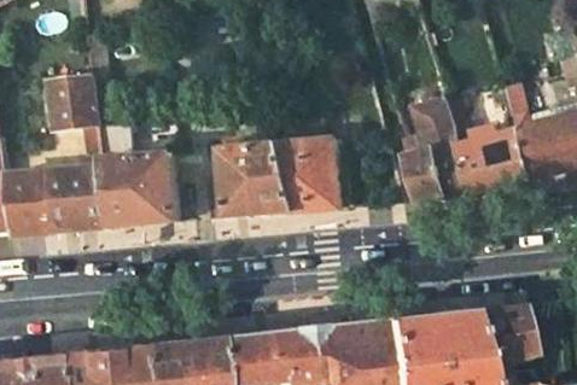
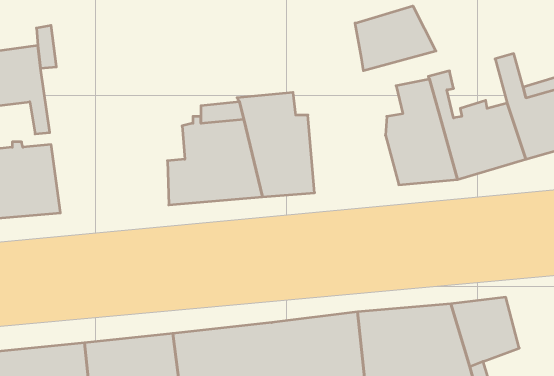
building: none -> [355,6,436,71]
building: [100,154,176,229] -> none

